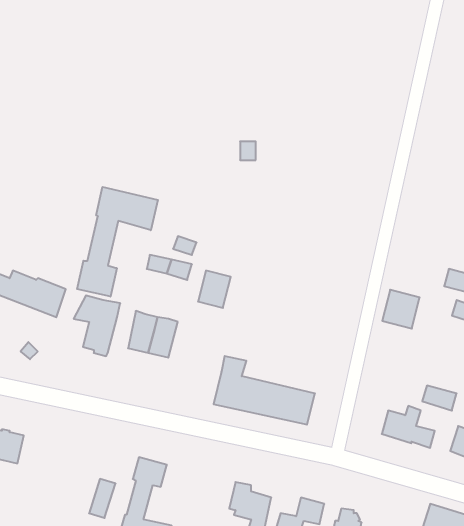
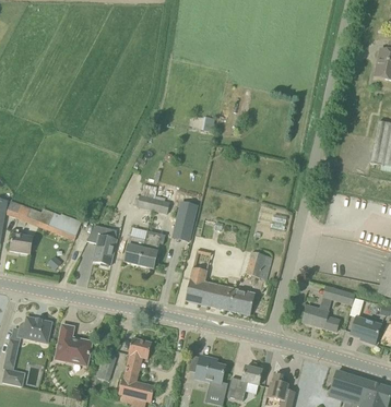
building: [77,187,158,297] -> none
building: [382,290,420,329] -> [246,251,272,278]
building: none -> [55,323,92,364]

